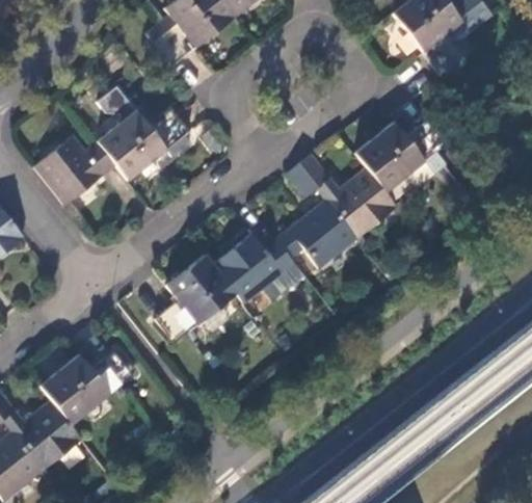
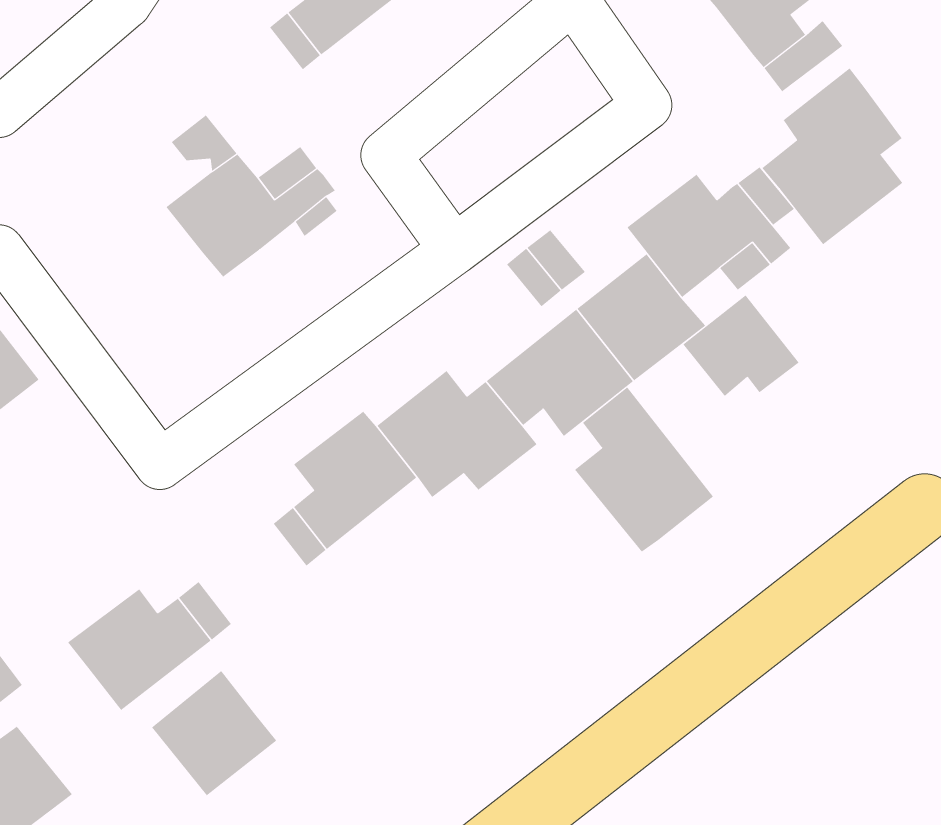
building: none -> [762,67,903,245]
building: [34,134,116,206] -> none
building: none -> [683,294,800,397]
building: none -> [574,387,714,553]
building: [12,399,83,470] -> [151,670,277,796]

